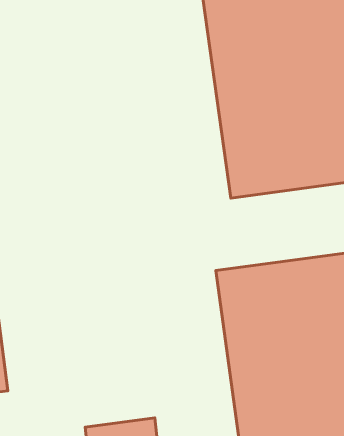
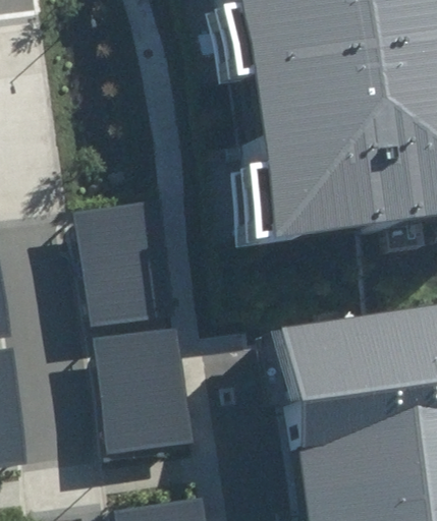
building: none -> [75,201,172,331]
building: none -> [92,329,188,458]

